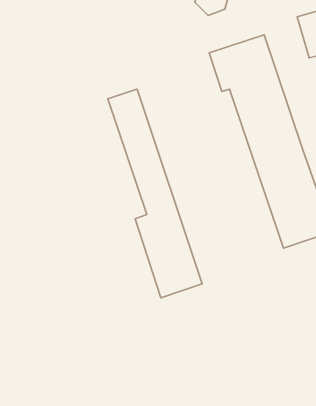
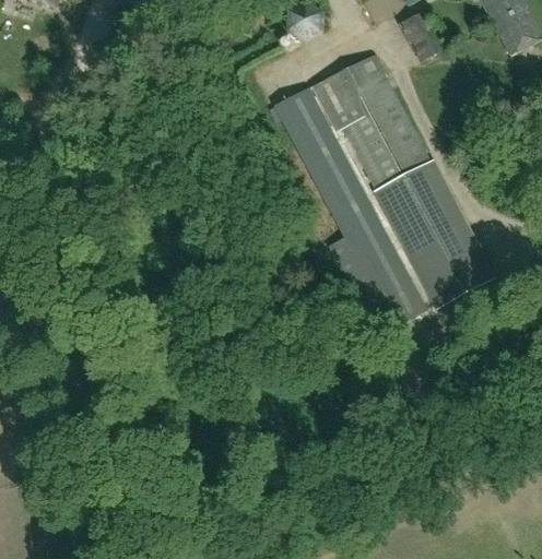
building: [108,89,202,298] -> [273,87,424,333]

